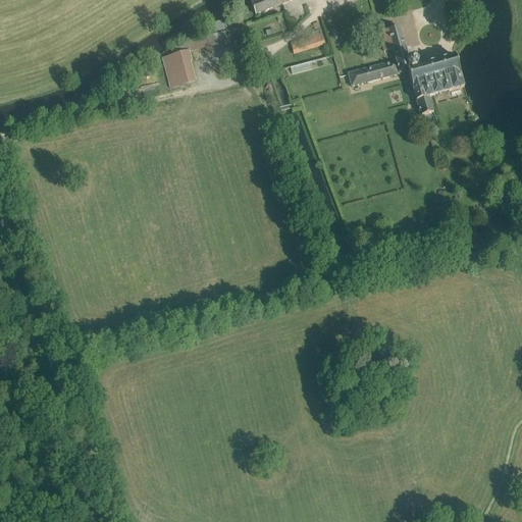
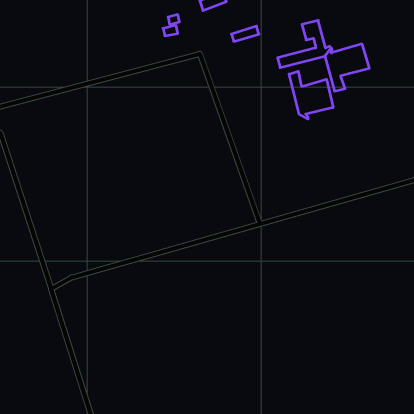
building: [162,49,196,87] -> none
building: none -> [289,71,333,119]

